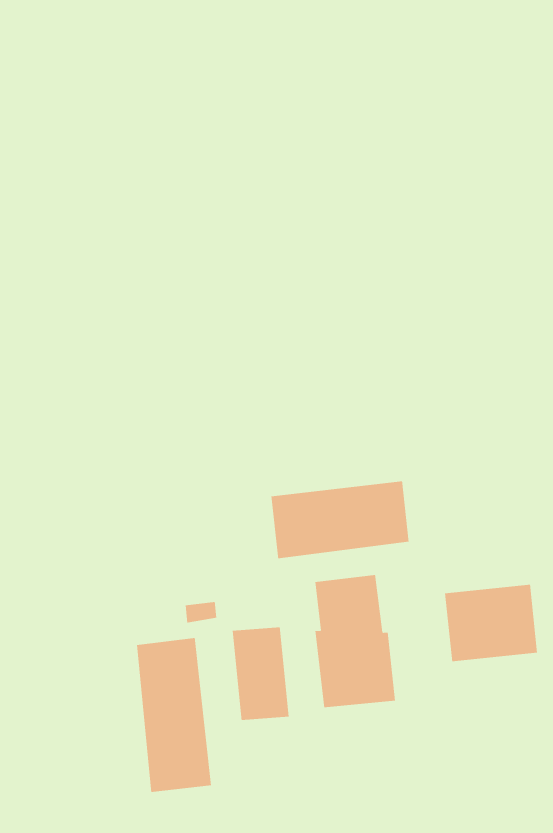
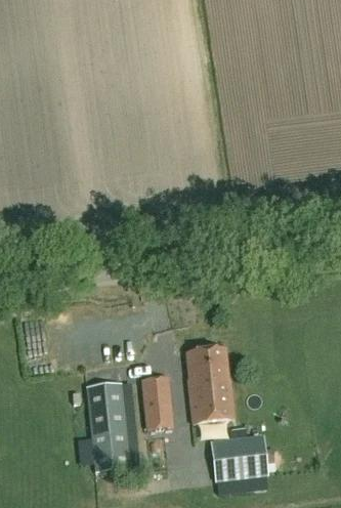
building: [271,481,409,559] -> none
building: [444,584,538,662] -> [213,434,266,478]

